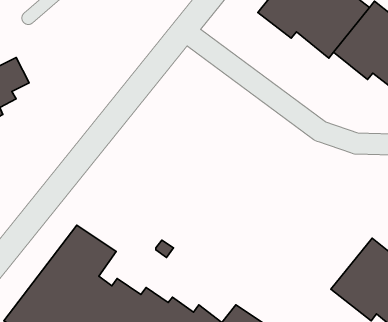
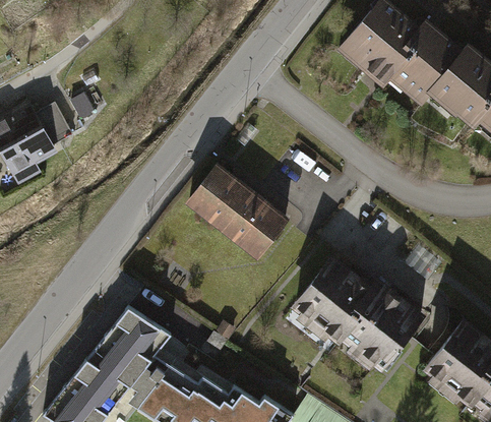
building: none -> [186,162,293,261]
building: none -> [292,258,425,374]

